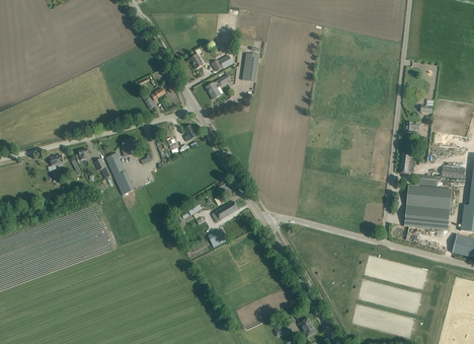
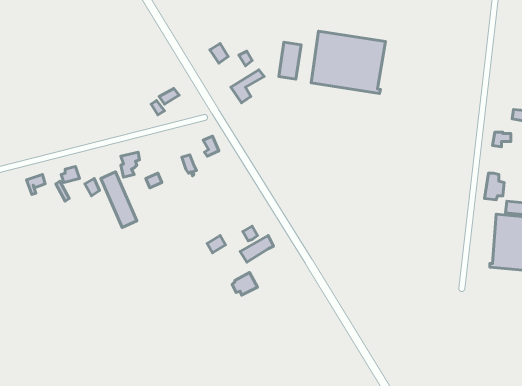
building: none -> [311,31,385,93]

